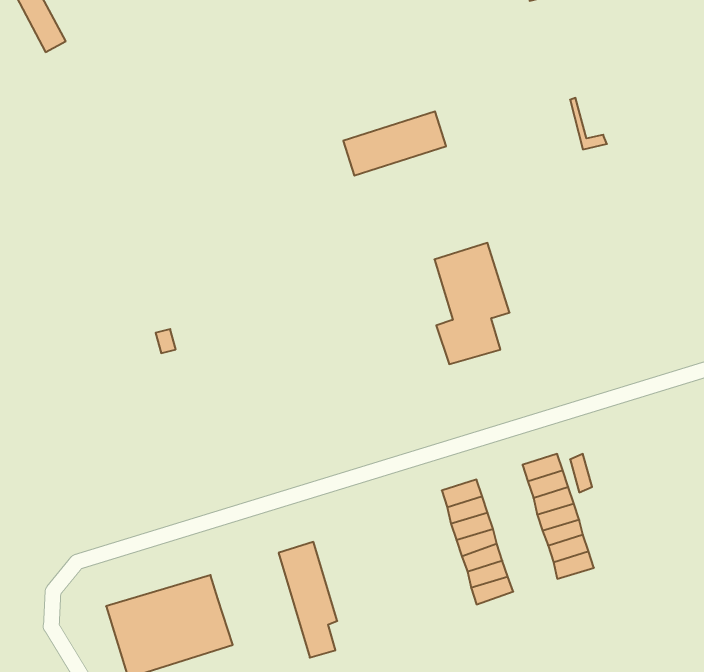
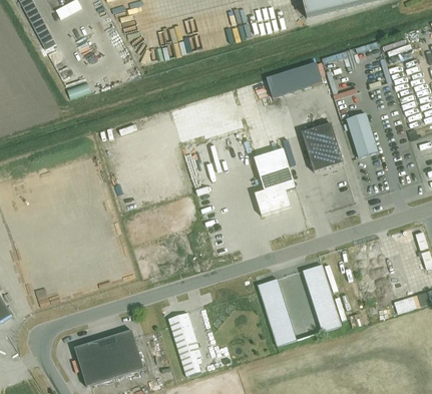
building: [343,111,446,176] -> [267,62,323,97]
building: none -> [347,112,378,157]
building: none -> [303,123,344,170]

